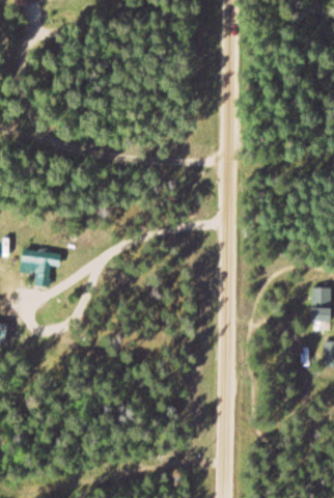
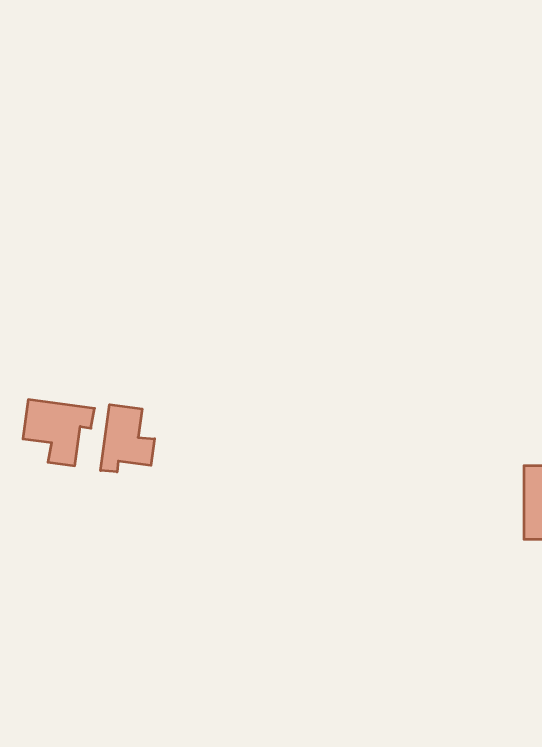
building: none -> [101,405,155,472]

